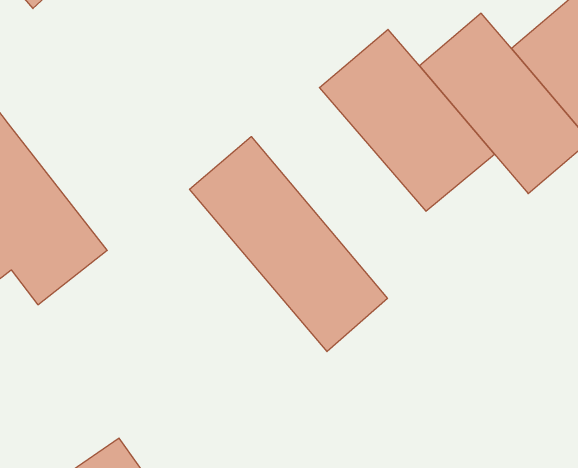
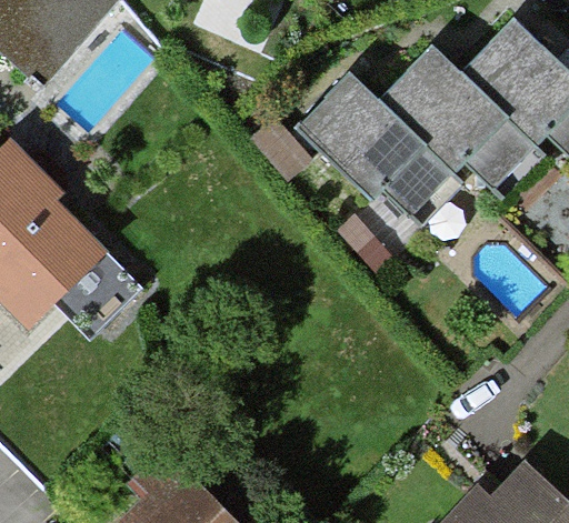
building: [190,137,387,352] -> none

